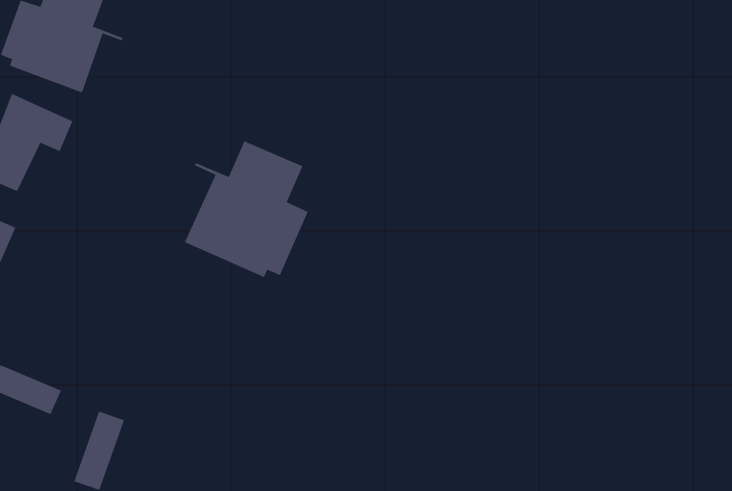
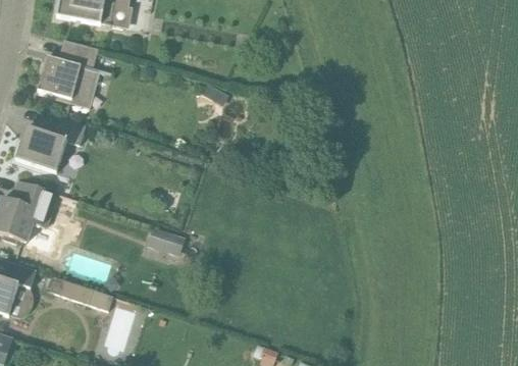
building: [184,140,308,278] -> none
building: none -> [144,226,180,256]

